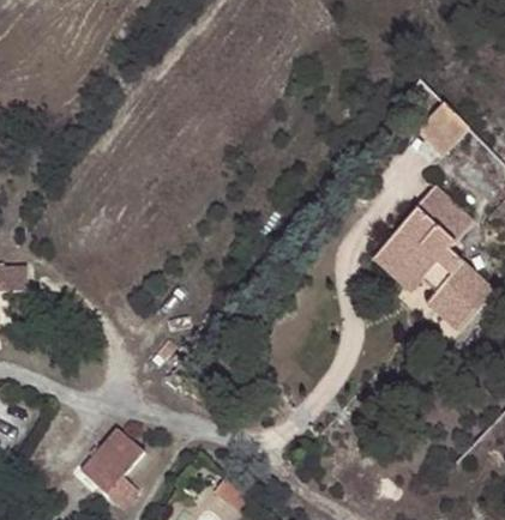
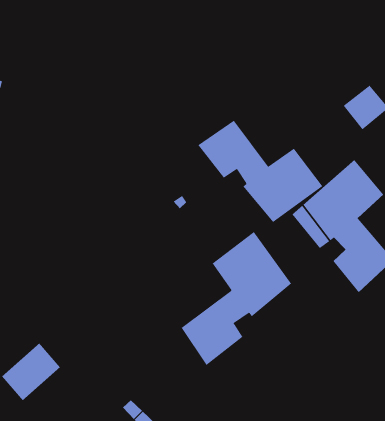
building: none -> [198,120,323,223]
building: none -> [181,231,292,366]

